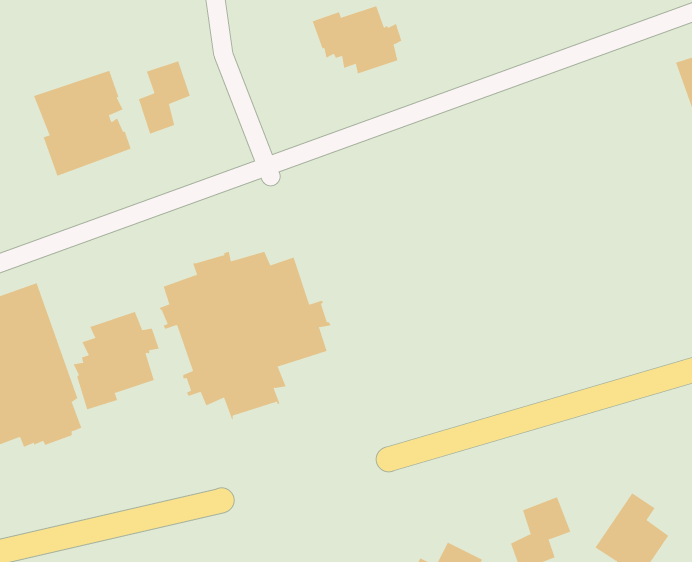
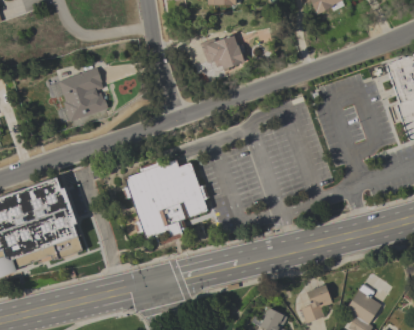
building: [138,60,191,135] -> none
building: [73,311,159,410] -> none

